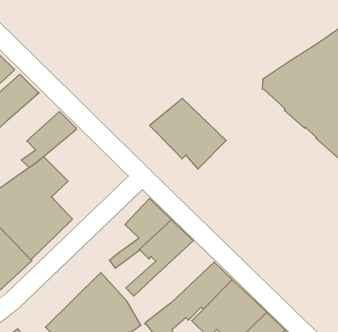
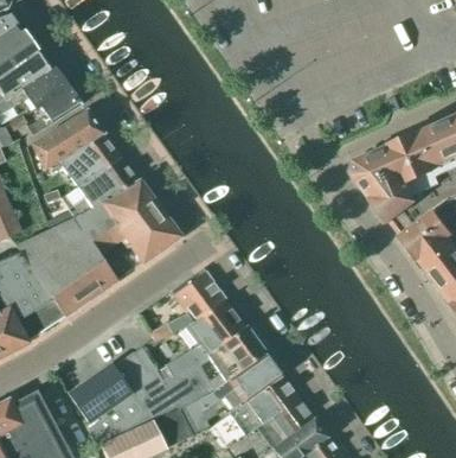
building: none -> [65,133,124,184]
building: [150,98,226,169] -> [98,180,180,261]
building: none -> [163,325,266,408]

